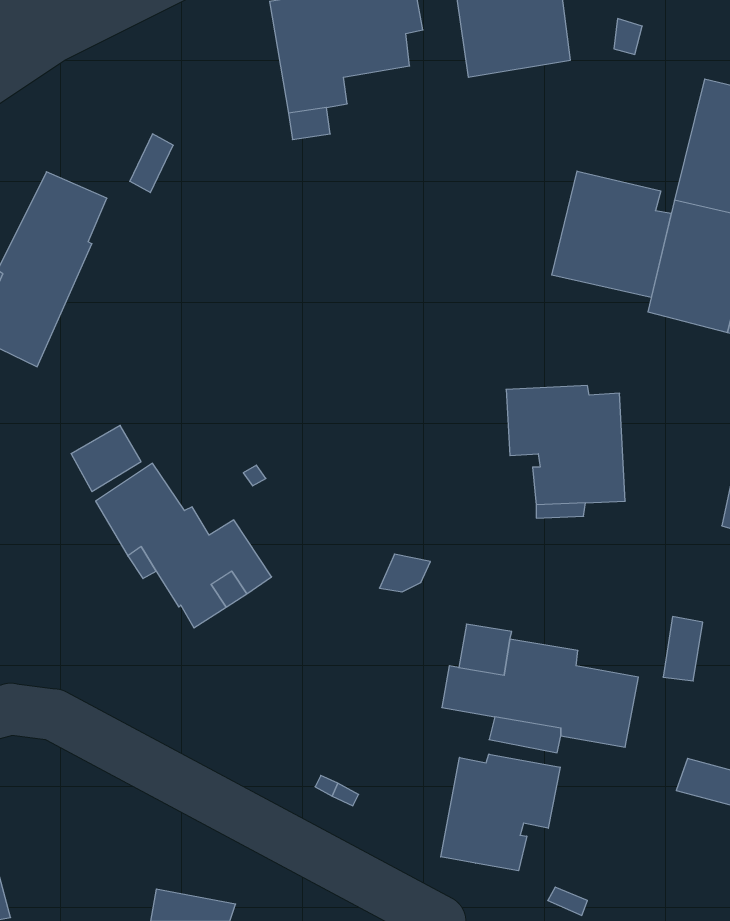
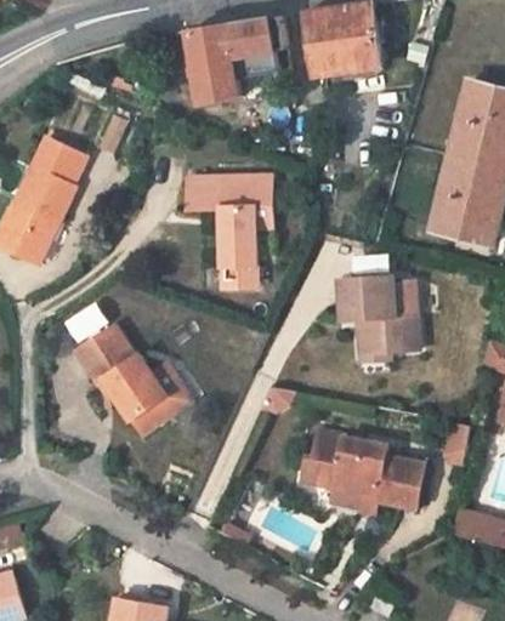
building: [552,171,671,297] -> none
building: none -> [186,176,272,286]
building: [441,754,560,871] -> none

